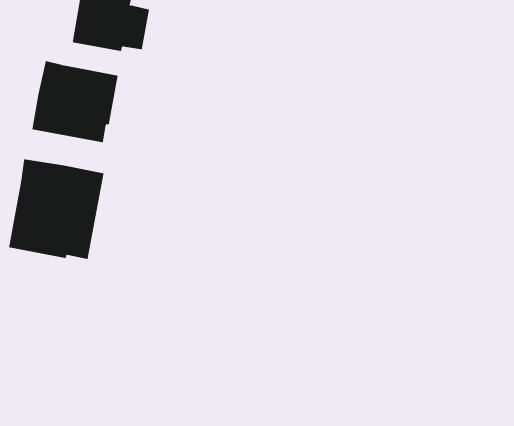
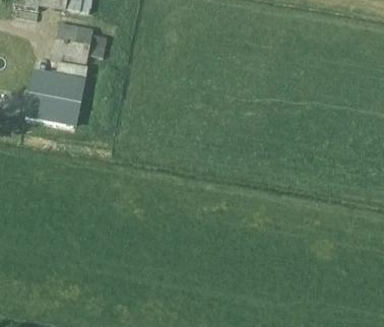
building: [8,158,104,260] -> none

